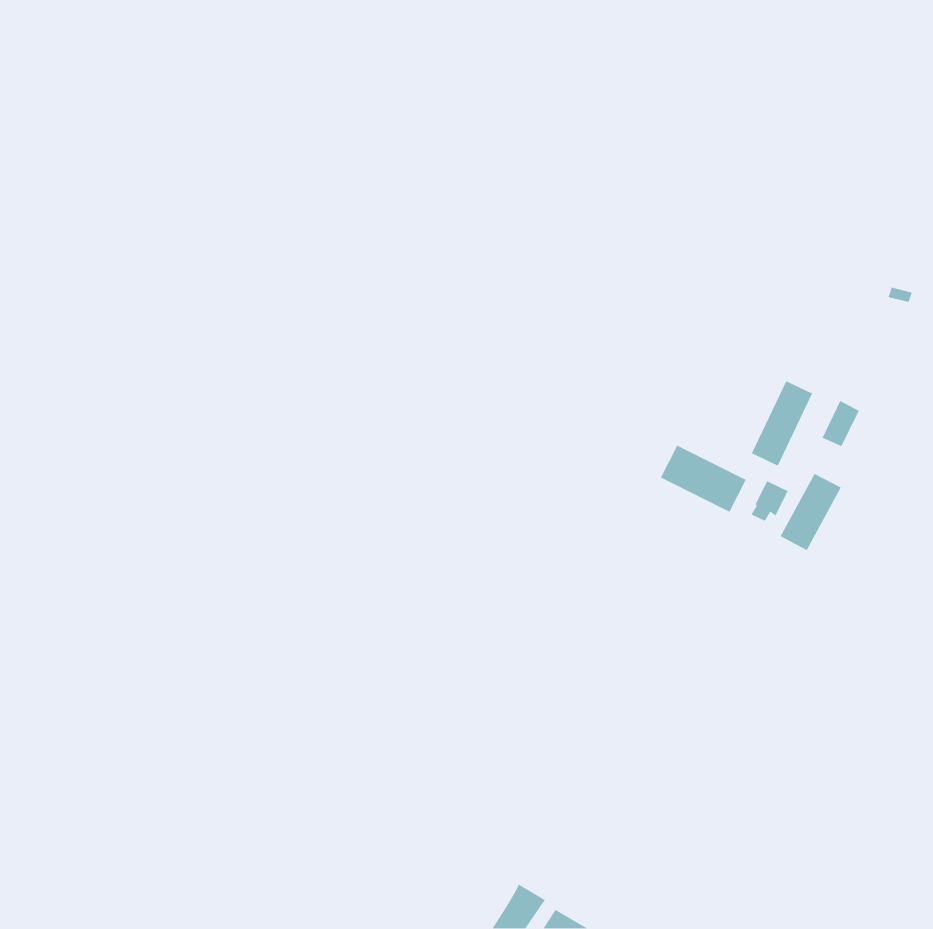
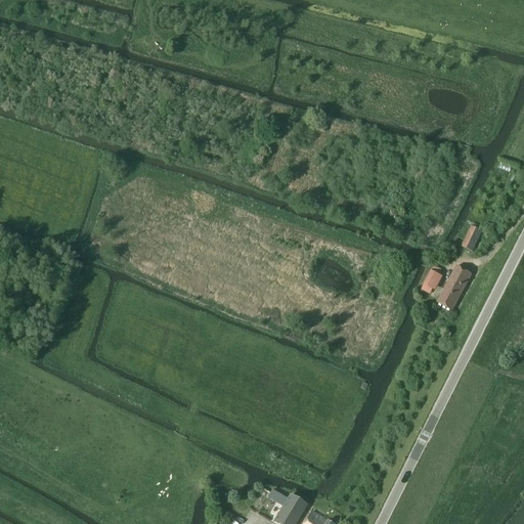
building: [751,380,813,467] -> none
building: [660,445,747,513] -> none

